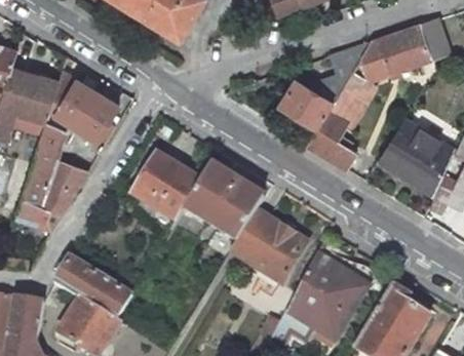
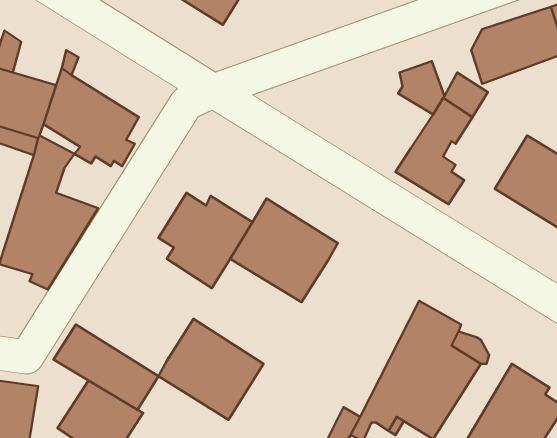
building: [330,41,370,90] -> none
building: [280,81,334,128] -> none
building: [231,210,308,284] -> [159,319,264,420]

